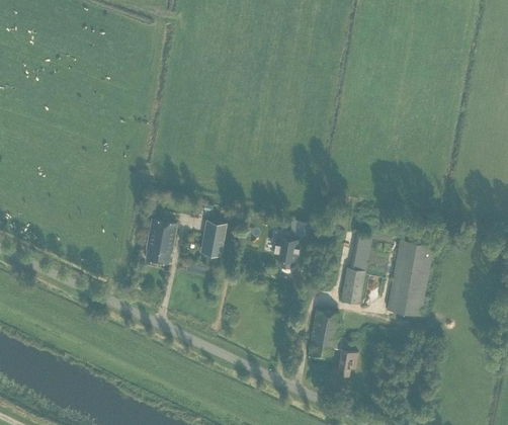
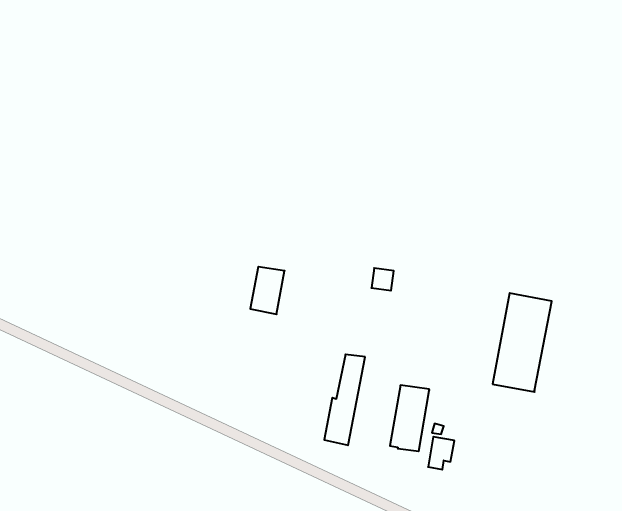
building: [145,221,176,265] -> none
building: [340,236,371,306] -> [324,354,365,445]
building: [278,240,298,269] -> none

